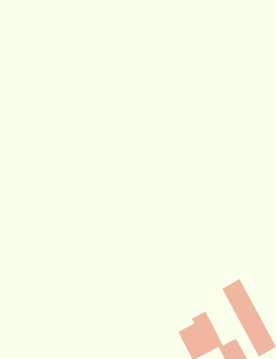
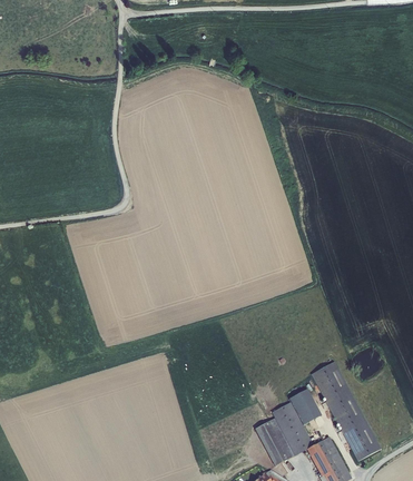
building: none -> [289,390,321,425]

